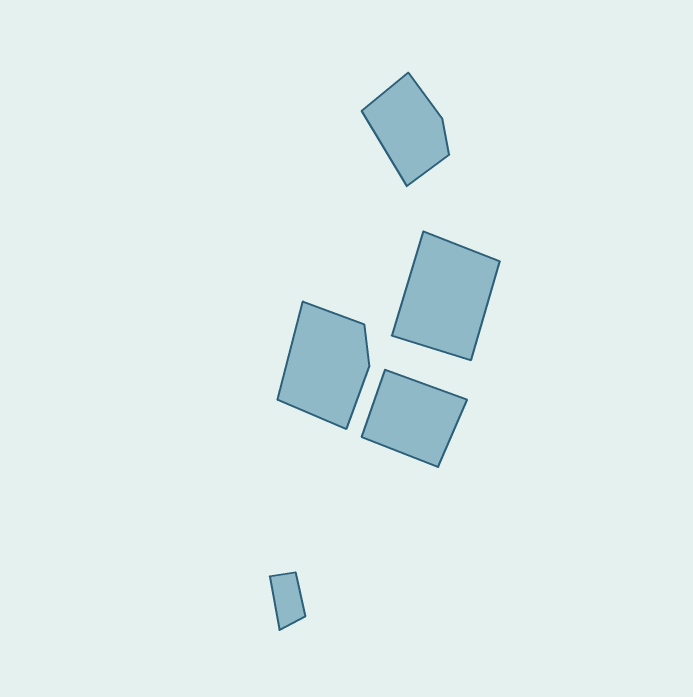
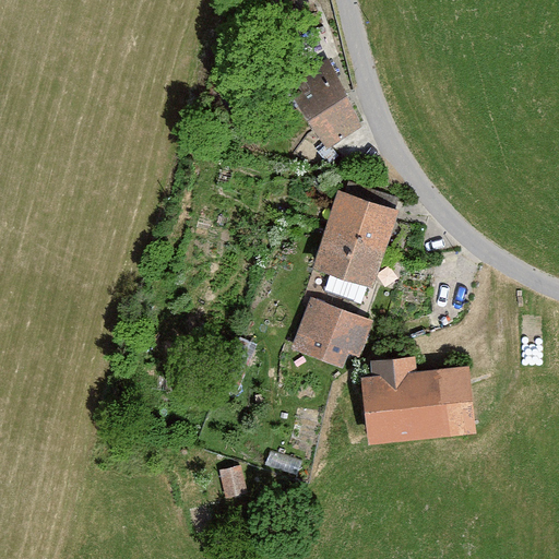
building: [278,301,369,429] -> none
building: none -> [367,355,476,447]

